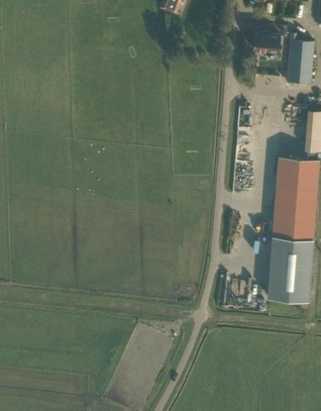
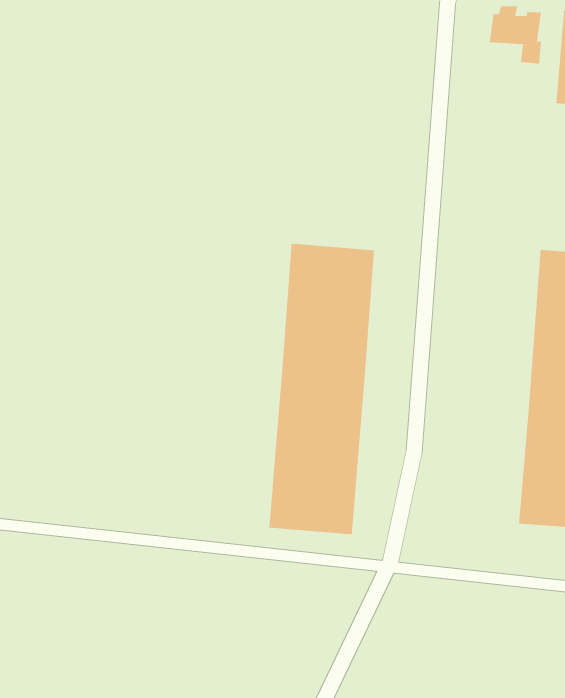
building: none -> [268,243,375,535]

